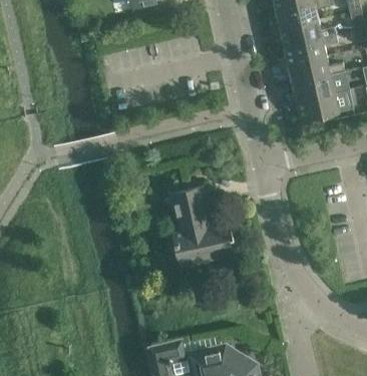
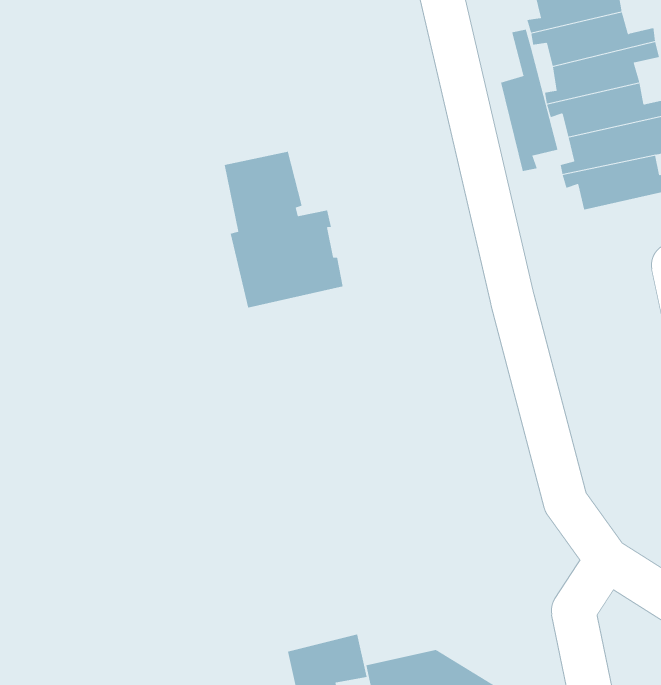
building: none -> [501,29,558,172]
building: [171,186,233,267] -> [224,151,344,308]

